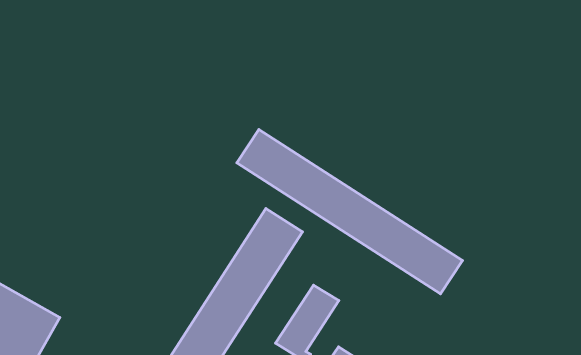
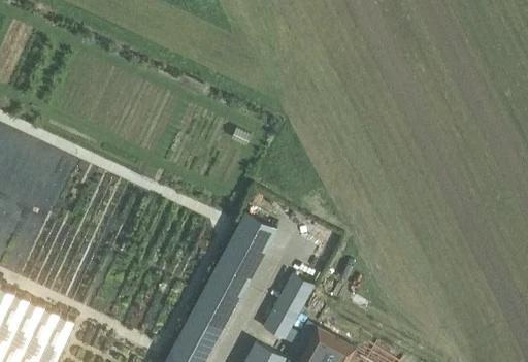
building: [237,129,462,294] -> none

